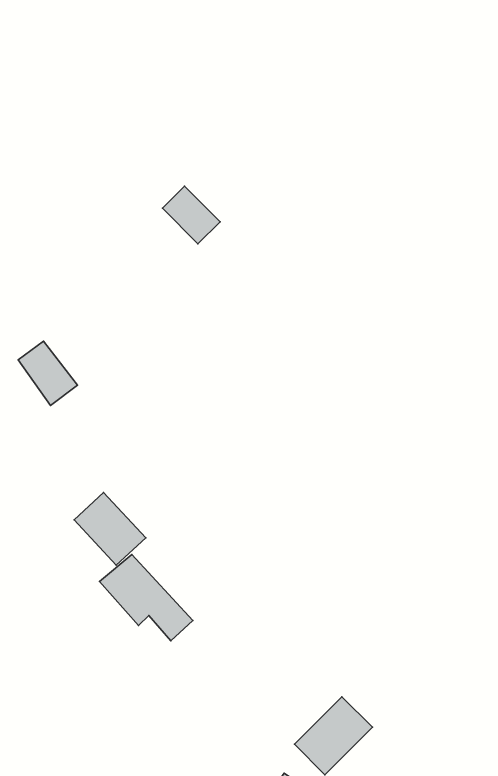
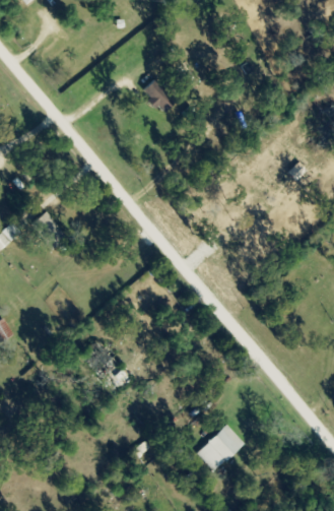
building: [162,186,220,244] -> [141,79,176,114]
building: [74,492,146,565] -> none

